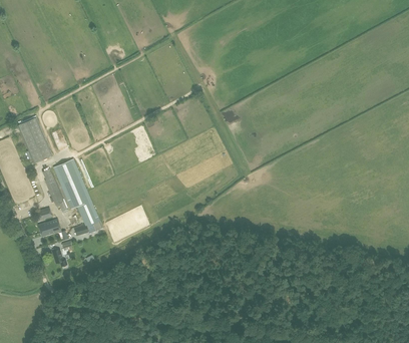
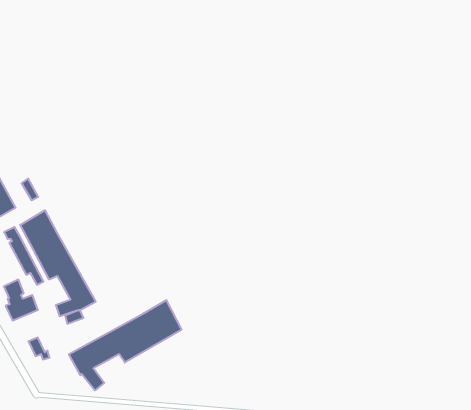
building: none -> [69,300,182,390]

